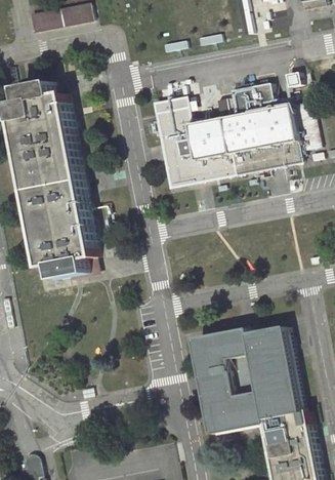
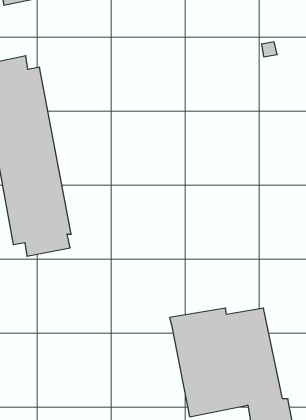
building: [150,79,298,186] -> none

